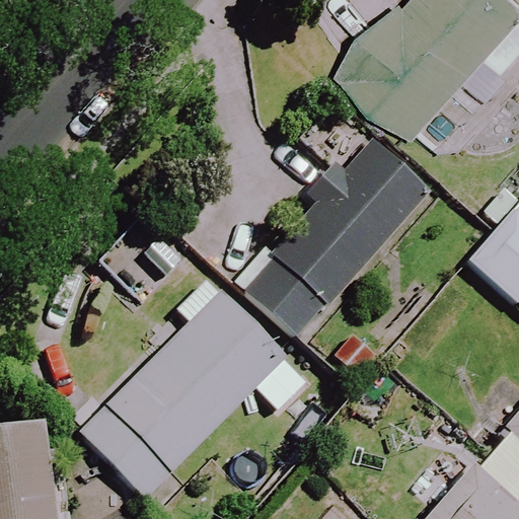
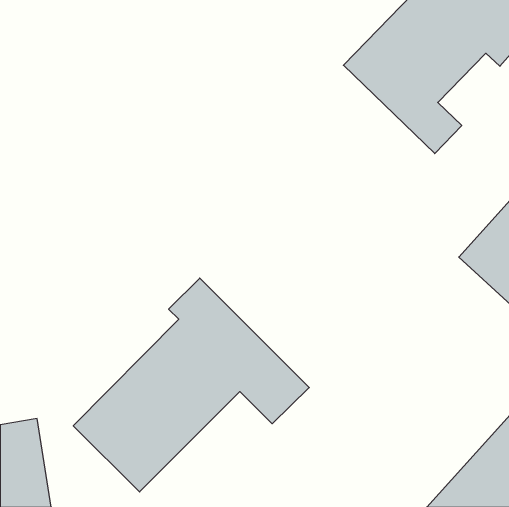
building: [243,136,430,337] -> none

